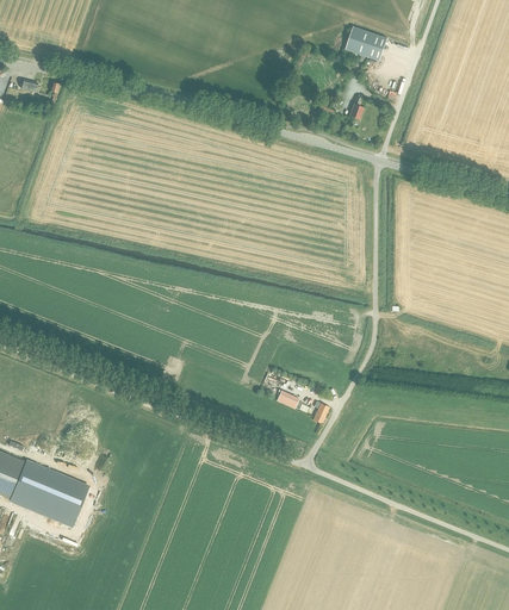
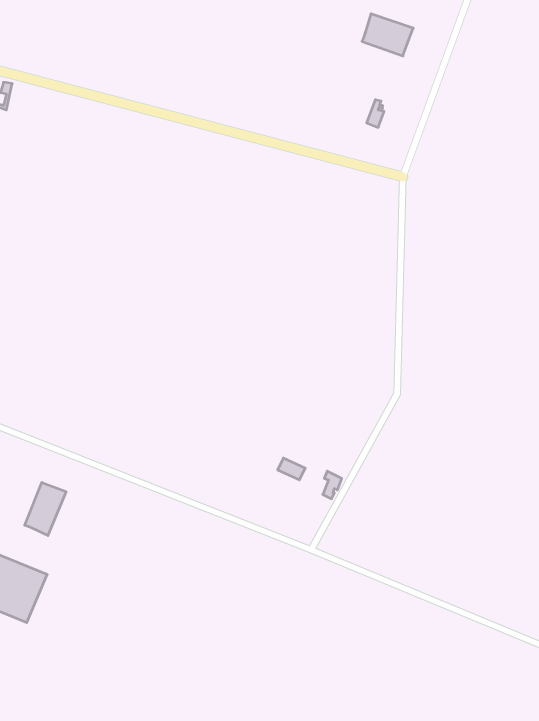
building: none -> [25,482,66,536]

